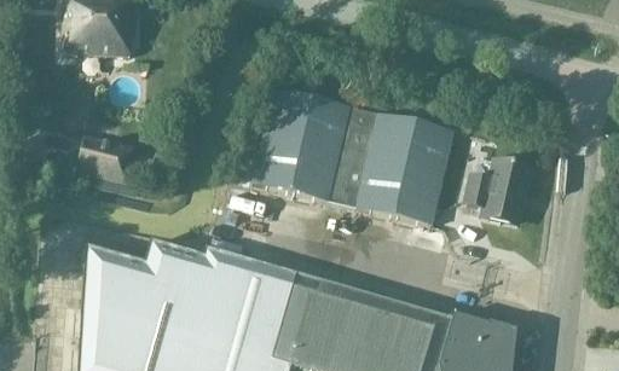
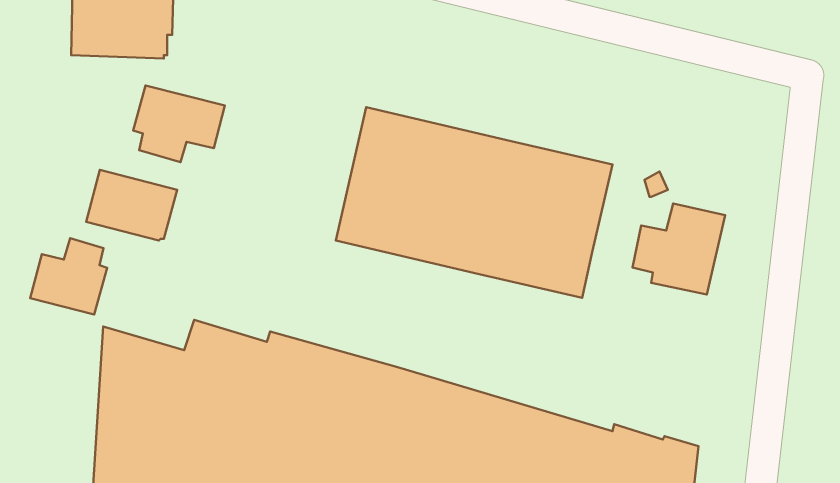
building: none -> [133,86,225,162]
building: none -> [30,238,107,315]

